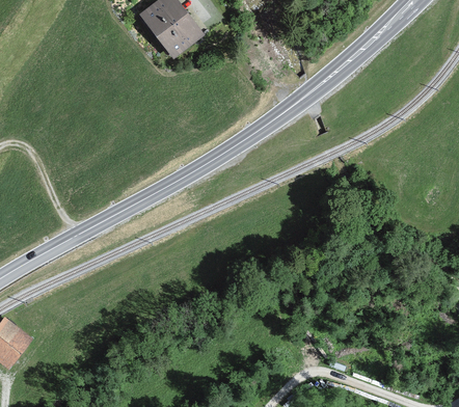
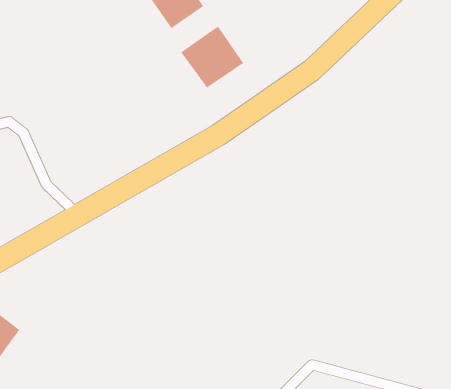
building: none -> [180,26,244,89]

